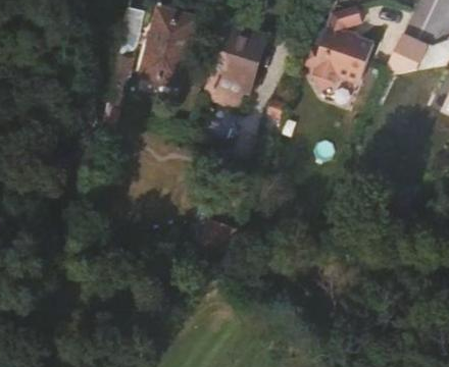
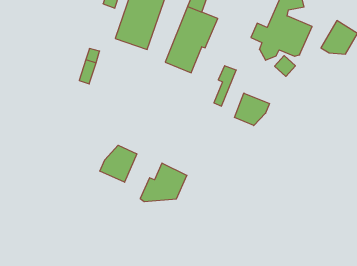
building: none -> [235,93,269,126]
building: none -> [100,145,137,182]

